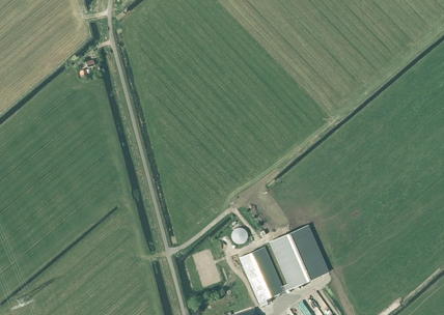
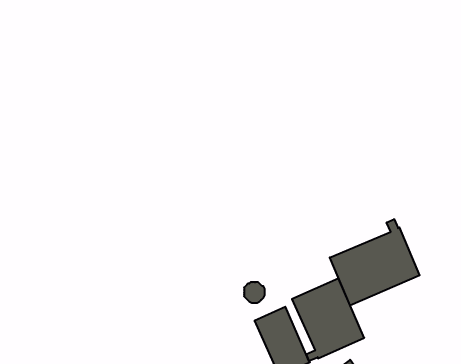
building: none -> [330,219,420,306]

